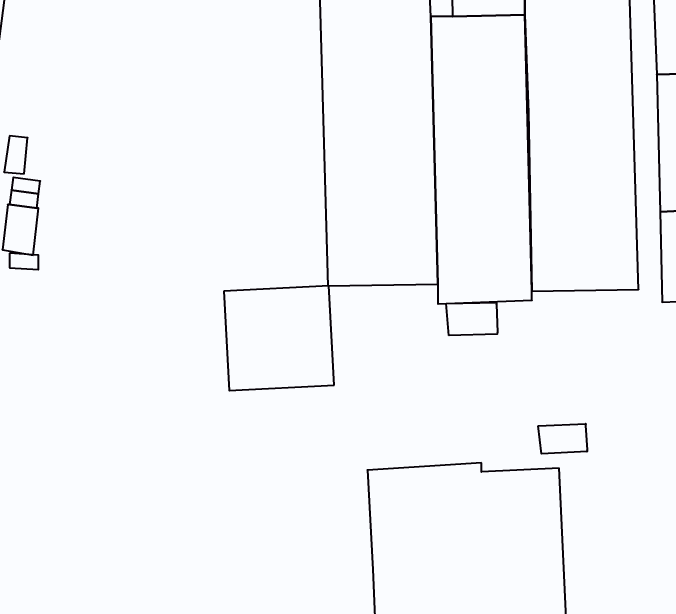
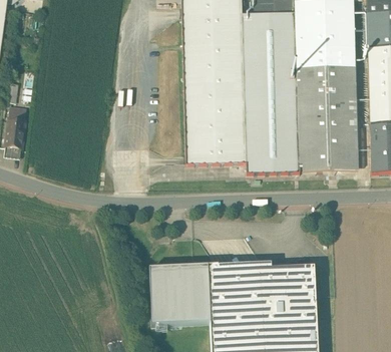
building: [224,286,334,391] -> [149,266,211,324]
building: [446,303,497,335] -> none
building: [538,424,587,454] -> none

